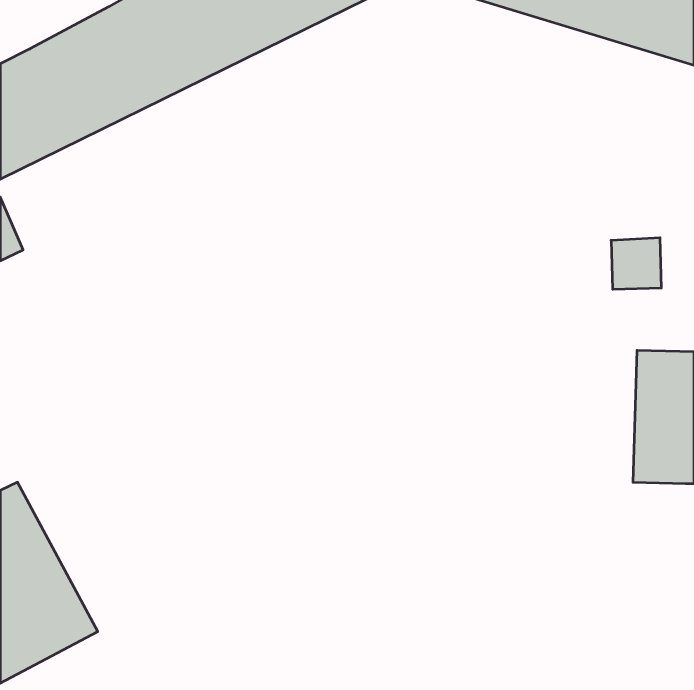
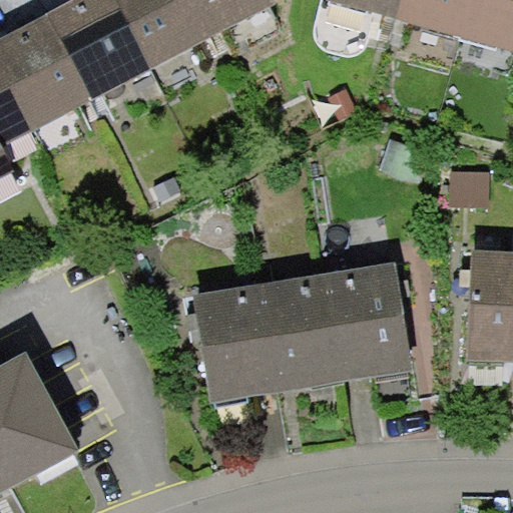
building: none -> [193,274,409,401]

